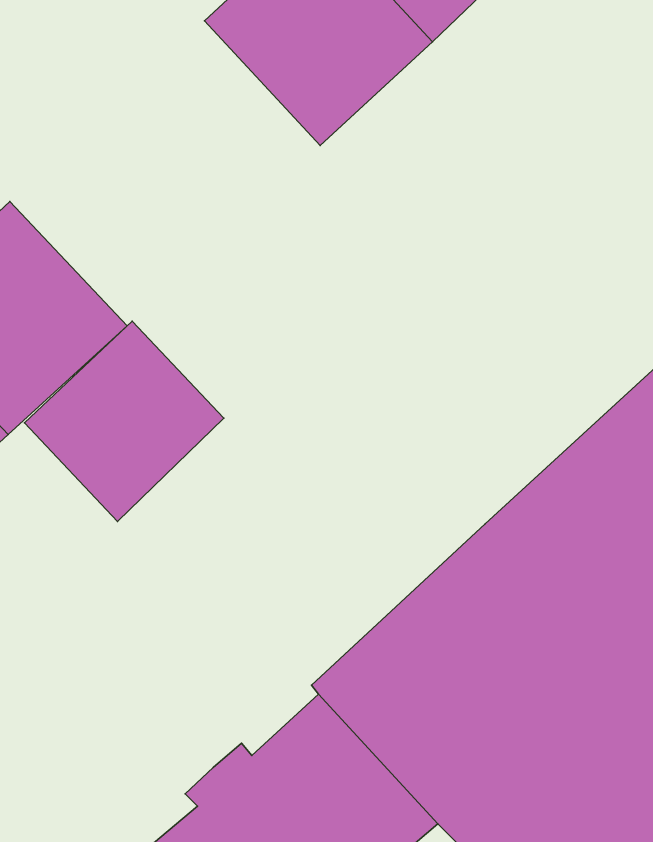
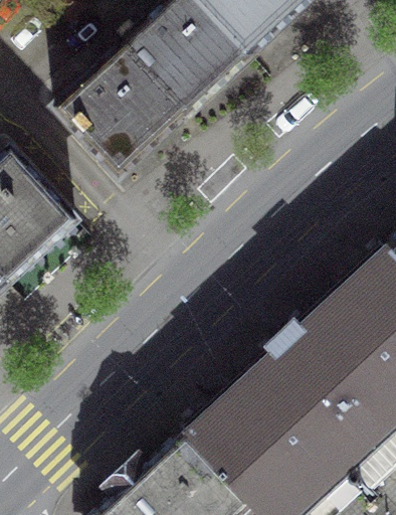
building: none -> [59,41,193,175]
building: [25,321,224,521] -> none

